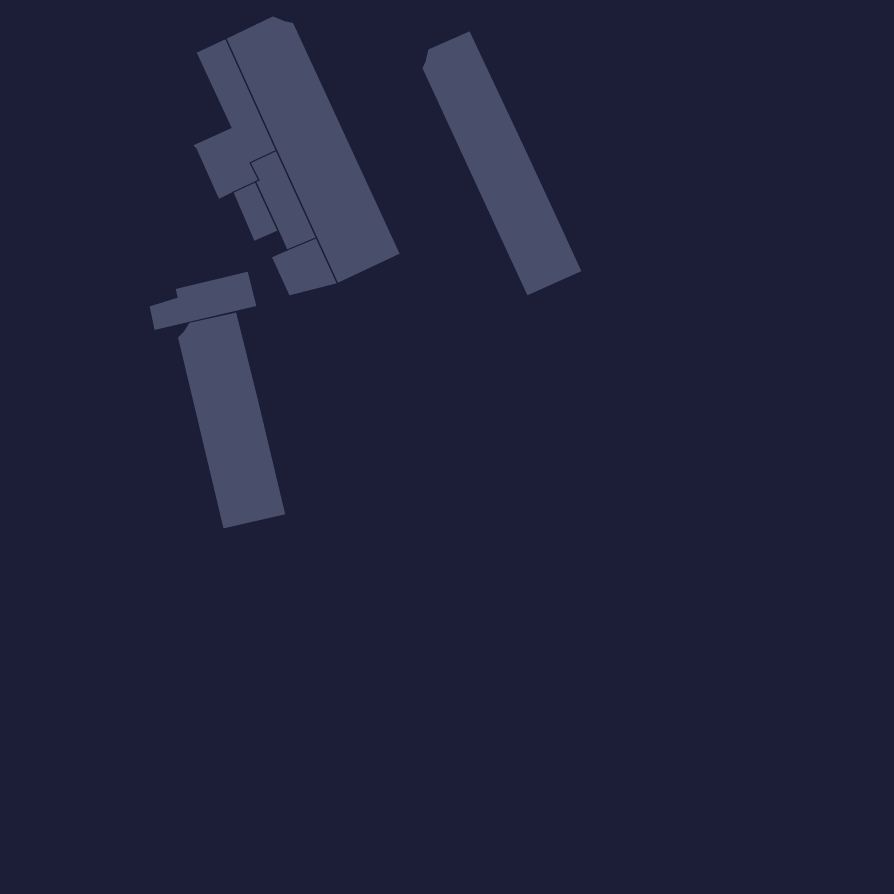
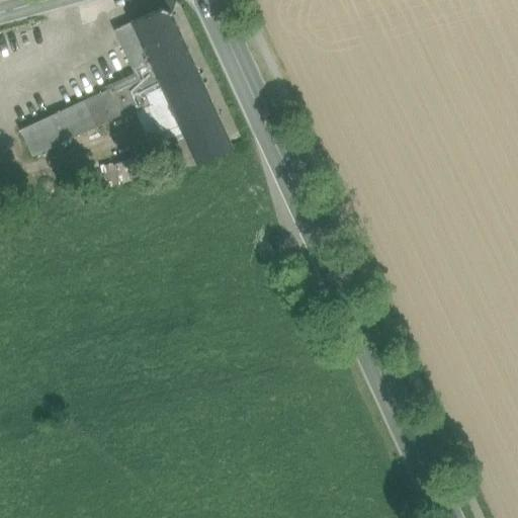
building: [422,30,582,296] -> none
building: none -> [19,86,125,156]
building: [177,312,286,529] -> none

